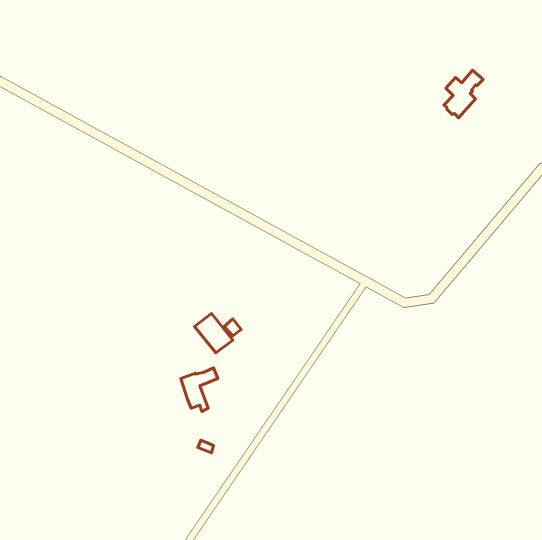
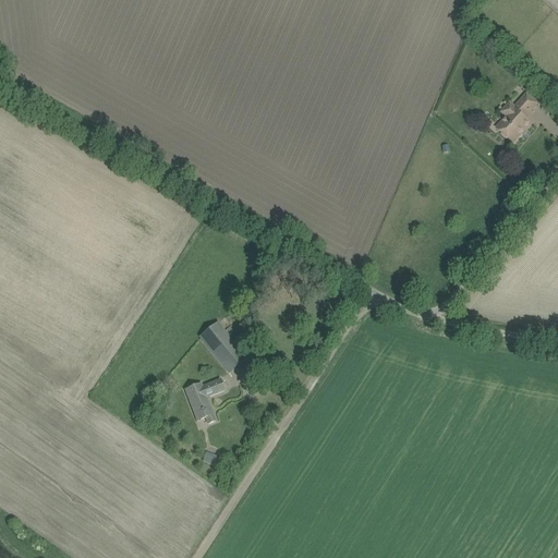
building: [444,70,483,118] -> [497,92,537,141]

